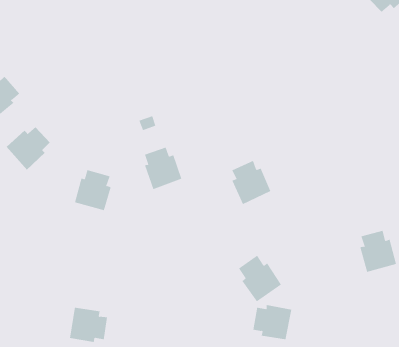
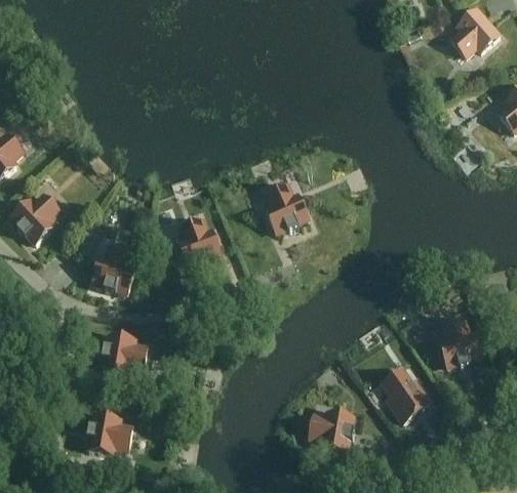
building: [232,160,271,205] -> [263,181,311,236]
building: none -> [100,332,148,375]
building: [238,255,282,302] -> [380,366,433,423]

